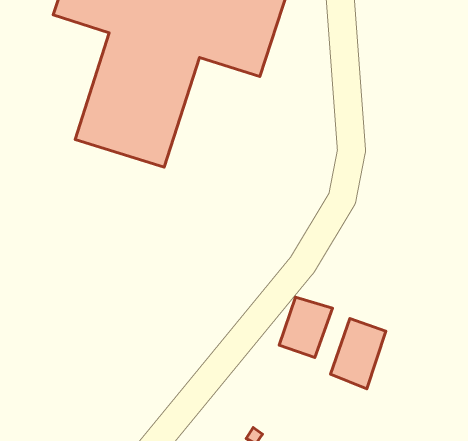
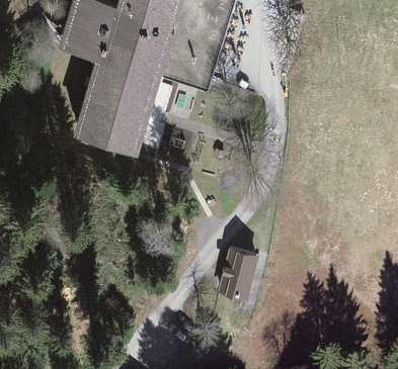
building: [331,319,386,389] -> none

